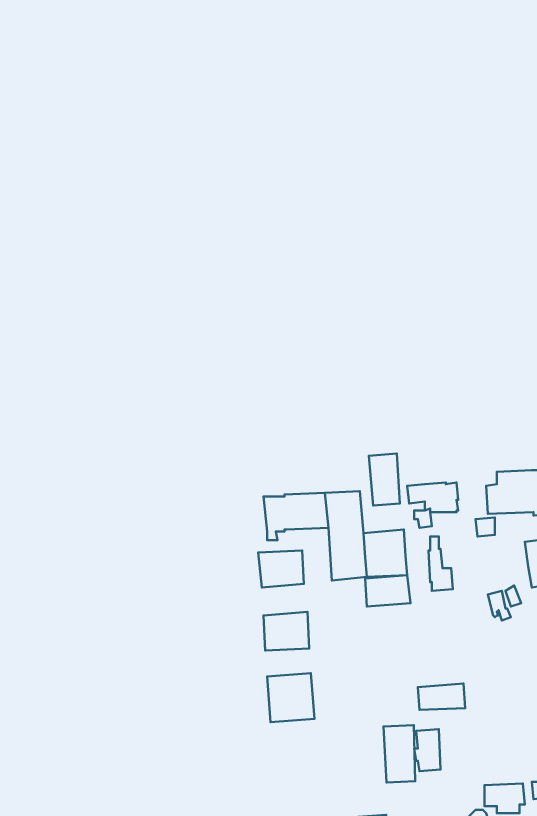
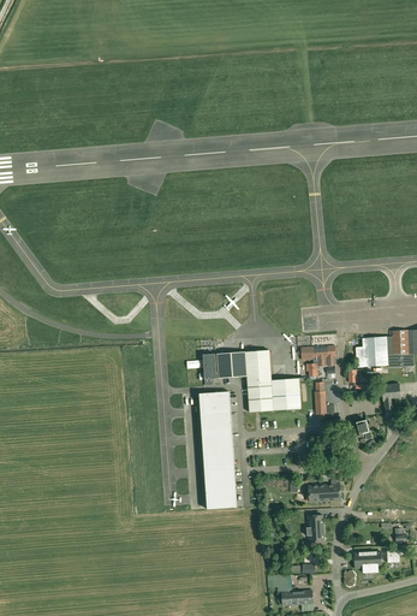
building: [369,453,400,506] -> none
building: [365,575,411,607] -> [201,414,232,436]
building: none -> [203,458,234,478]
building: [384,725,415,782] -> none

